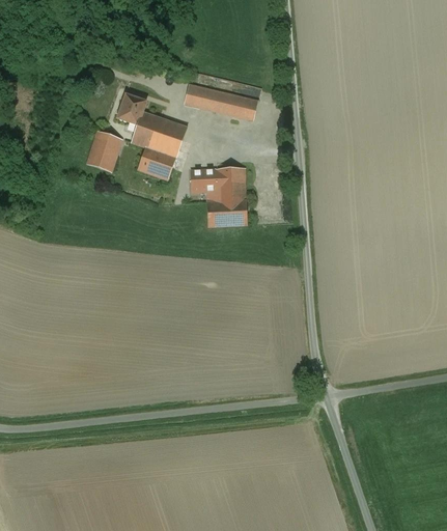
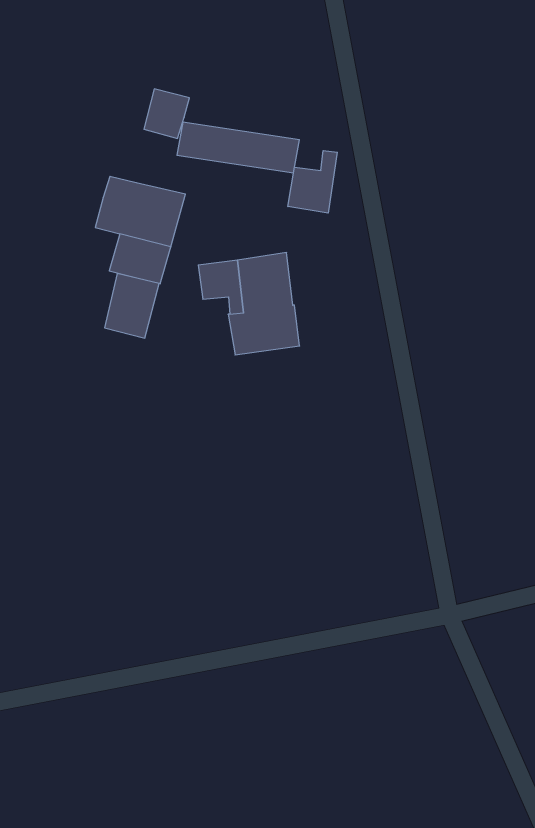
building: [117,93,146,124] -> [144,89,189,138]
building: none -> [288,151,337,213]
building: [87,131,122,171] -> [105,273,159,338]

